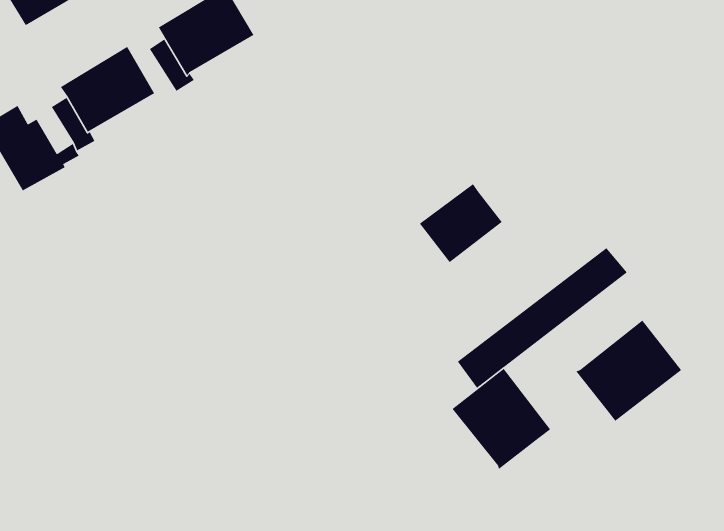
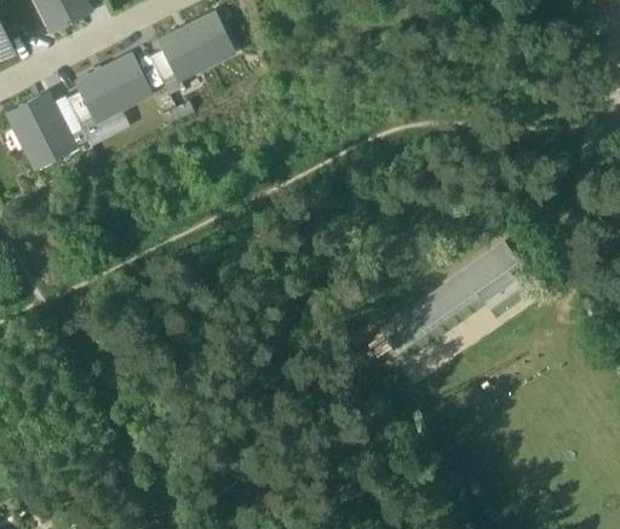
building: [419,183,503,263] -> none
building: [575,319,682,422] -> none
building: [451,368,551,470] -> none

